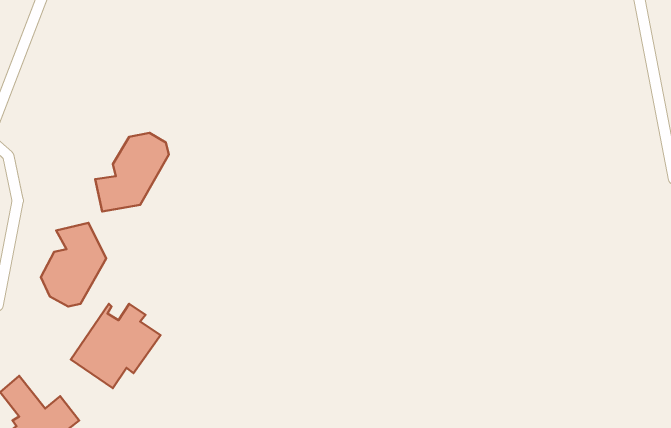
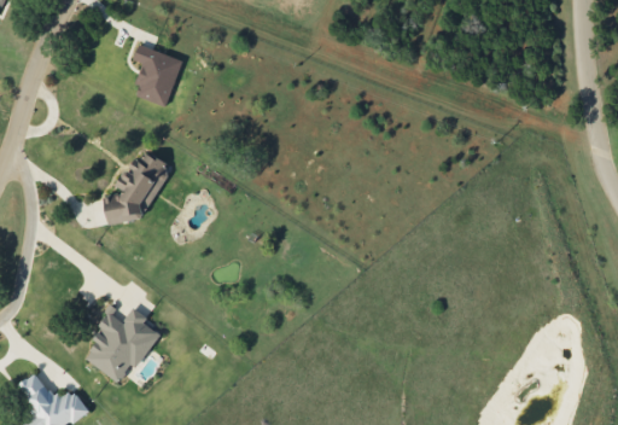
building: none -> [133,43,183,106]
building: [41,223,106,307] -> none

